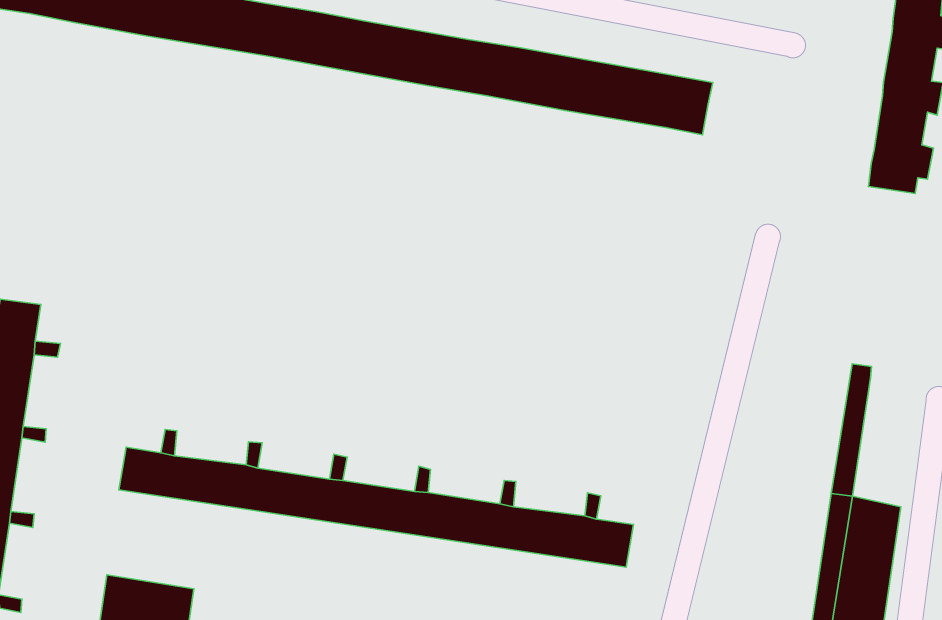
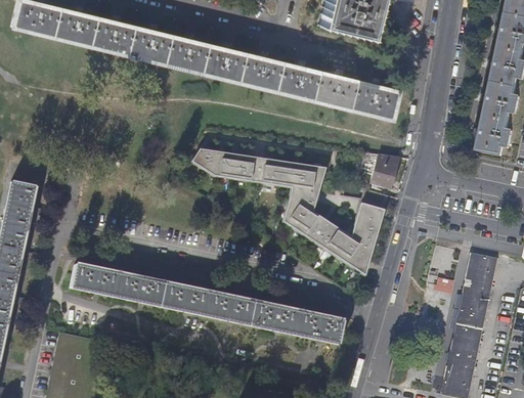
building: none -> [368,153,398,189]
building: none -> [191,149,384,276]
building: none -> [460,252,499,321]

